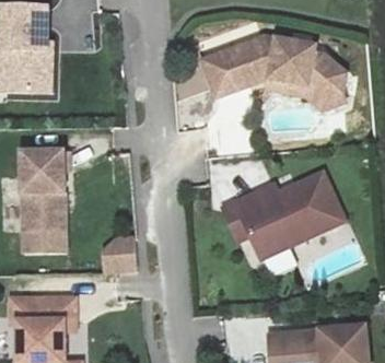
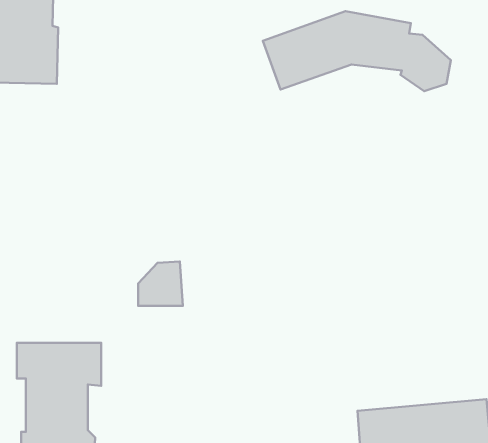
building: [25,138,69,239] -> none
building: [218,177,337,260] -> none

